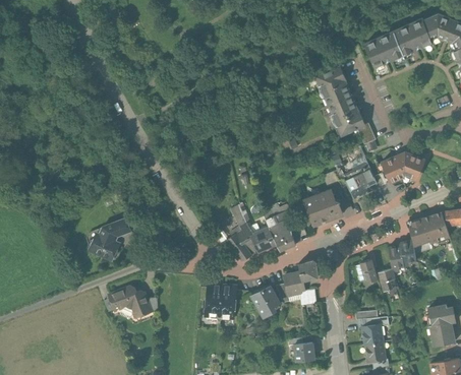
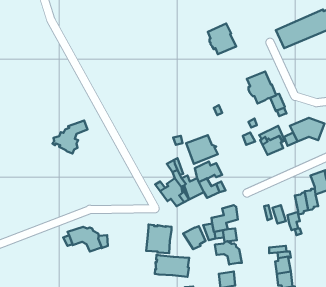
building: [316,67,351,105] -> [208,23,236,54]
building: [303,190,342,226] -> [186,135,218,164]
building: [87,218,129,259] -> [53,120,87,154]
building: none -> [215,241,242,265]
building: none -> [155,255,189,277]

